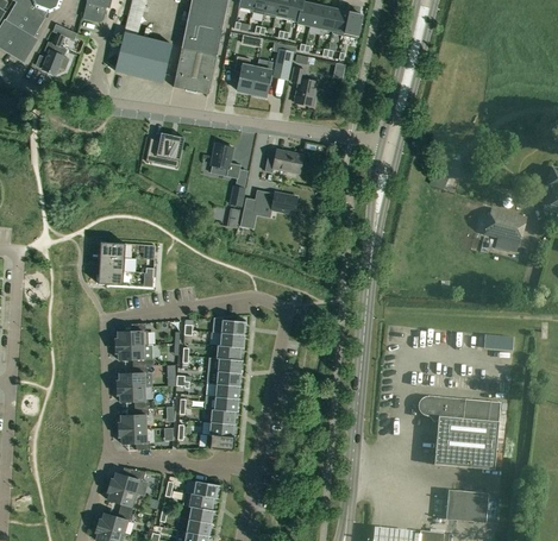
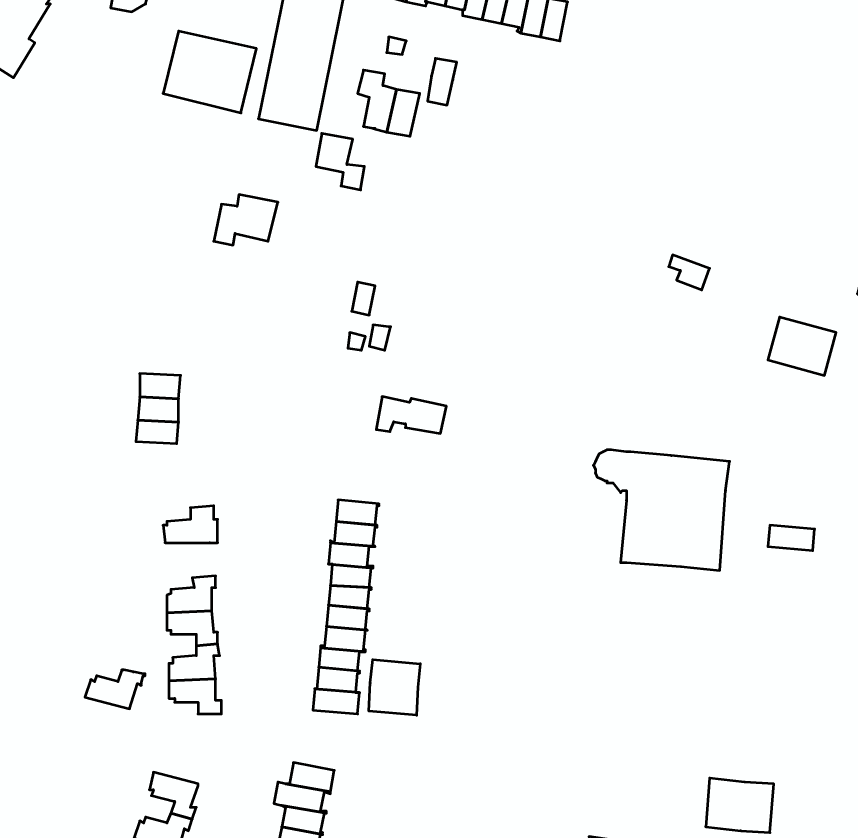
building: [42,24,69,74] -> none
building: [290,67,316,106] -> none
building: [211,144,240,178] -> [316,133,364,190]
building: [264,150,302,172] -> none
building: [253,190,296,213] -> [376,397,446,433]
building: [115,345,153,366] -> none
building: [418,395,501,468] -> [593,450,730,570]
building: none -> [369,660,420,715]
building: [108,468,145,492] -> [85,670,145,709]

